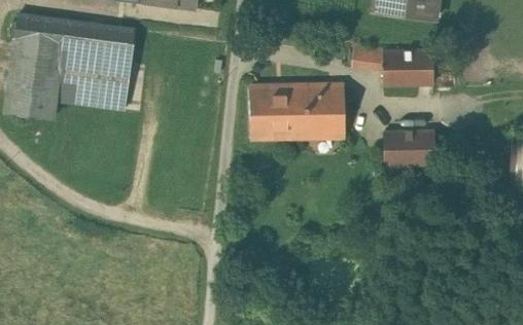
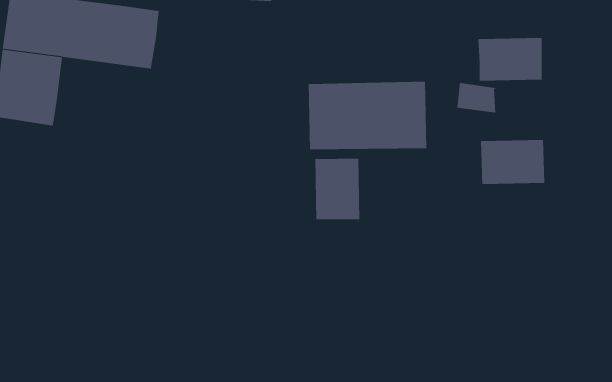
building: [353,46,384,70] -> [456,83,496,113]
building: [57,66,130,109] -> none
building: none -> [315,158,360,220]

